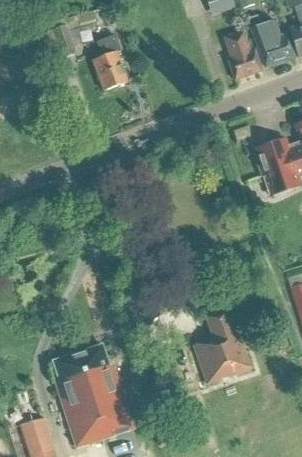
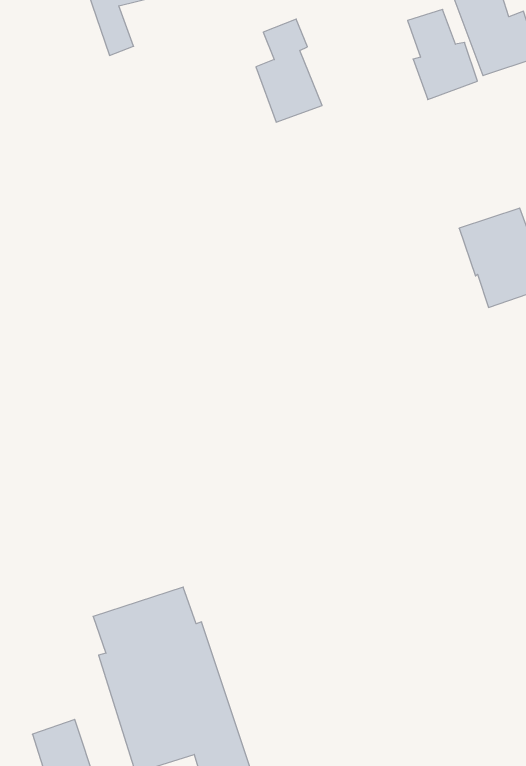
building: [92,34,128,90] -> [256,19,322,122]
building: [193,310,252,383] -> none

